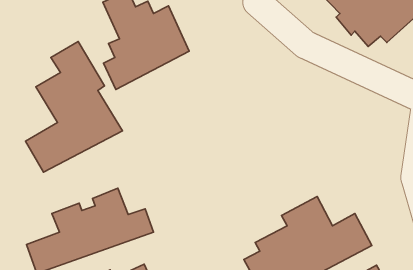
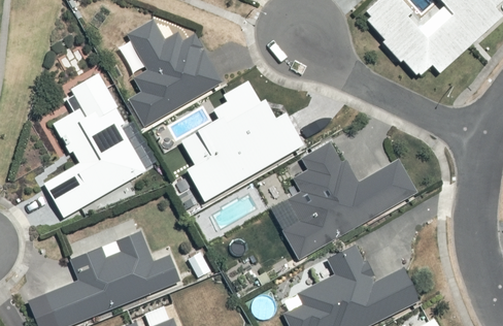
building: none -> [178,77,307,203]
building: none -> [282,138,418,257]

